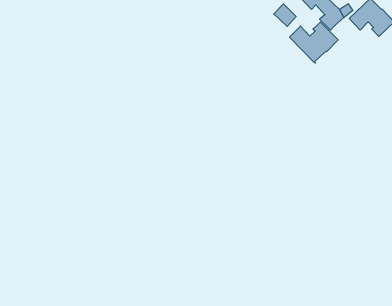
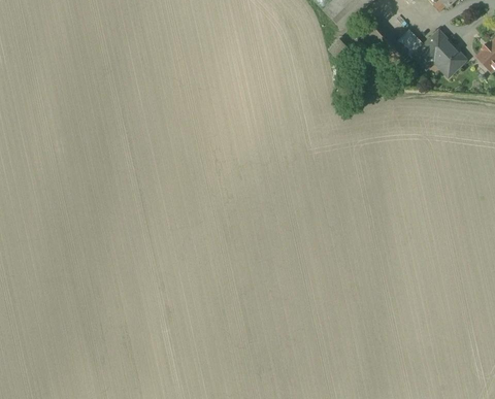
building: [290,22,338,63] -> none

